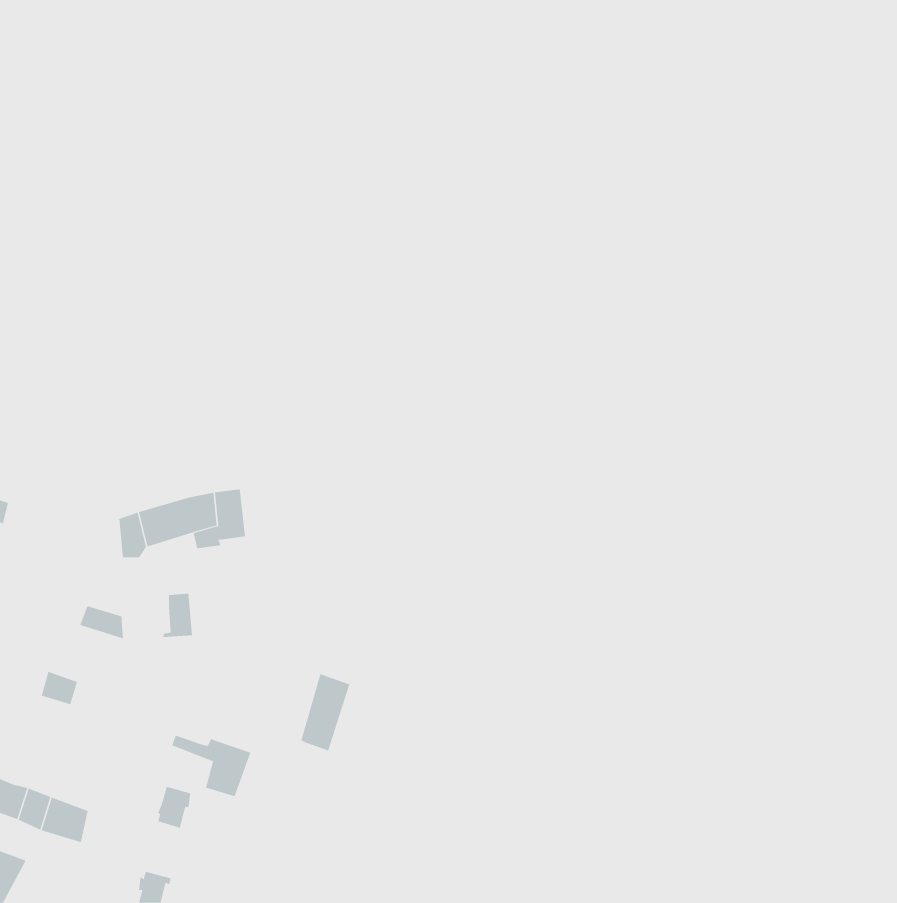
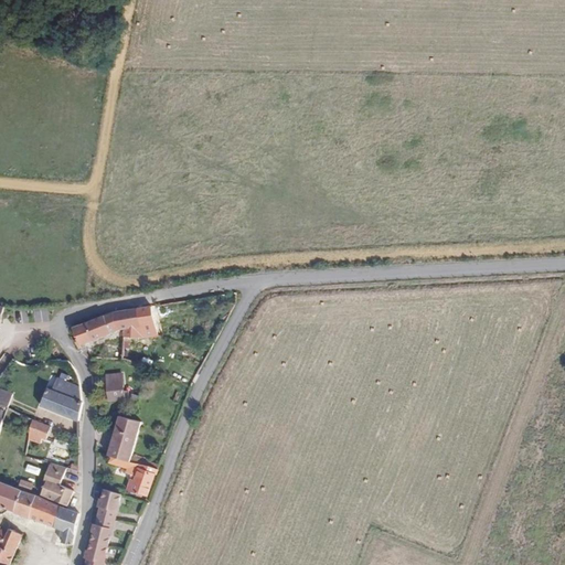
building: none -> [38,387,77,418]
building: [301,673,350,751] -> [107,415,138,463]
building: none -> [38,460,70,503]
building: none -> [51,505,74,544]
building: none -> [90,518,111,547]

